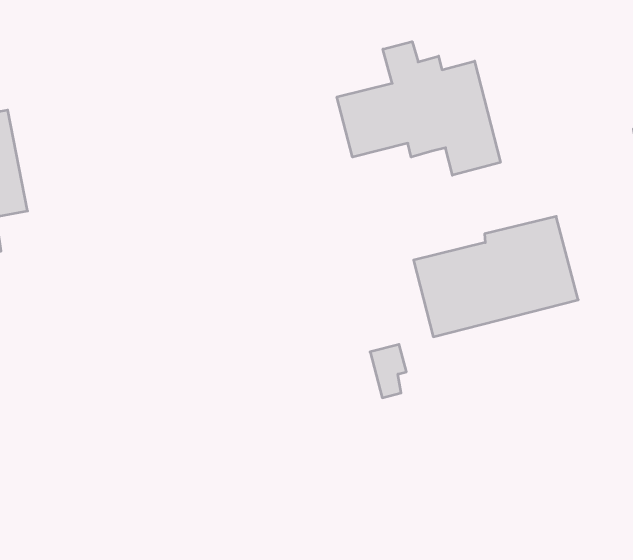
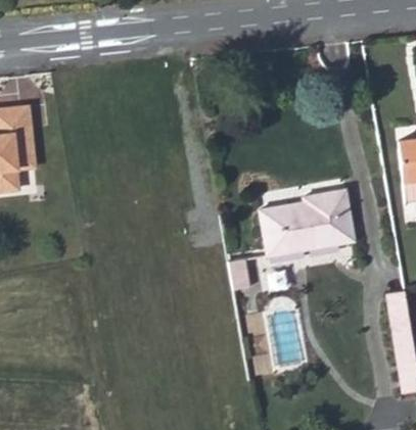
building: [337,42,500,175] -> none

